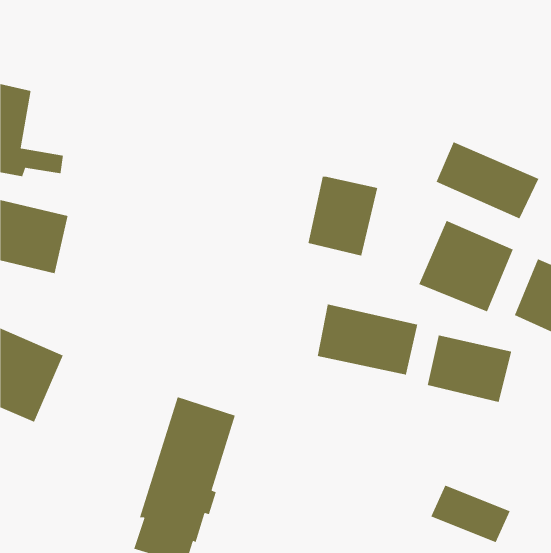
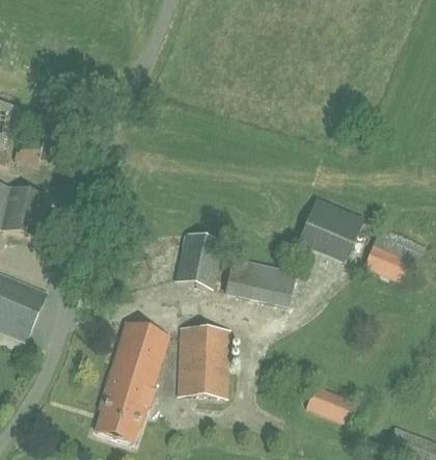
building: [436,141,539,220] -> none
building: [307,176,378,257] -> [173,232,223,289]
building: [427,335,512,403] -> none
building: none -> [176,325,230,398]

